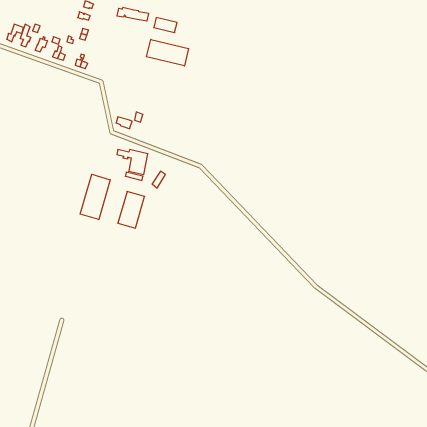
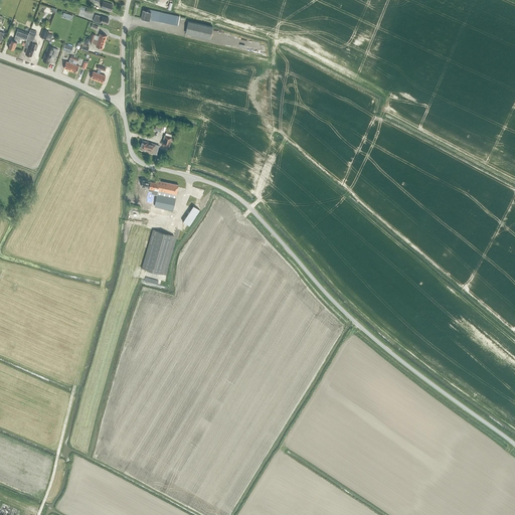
building: [147,39,189,66] -> none
building: [80,174,110,220] -> none

